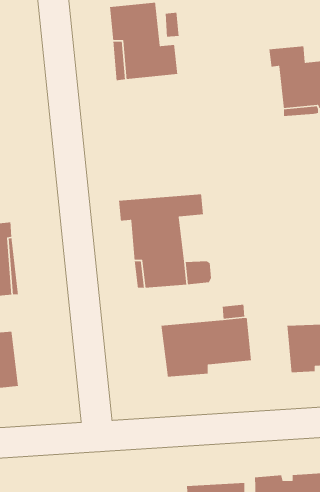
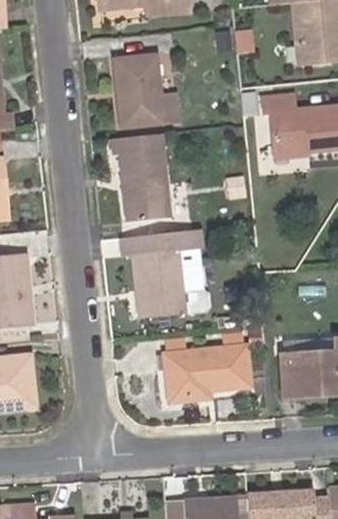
building: none -> [111,135,168,222]

